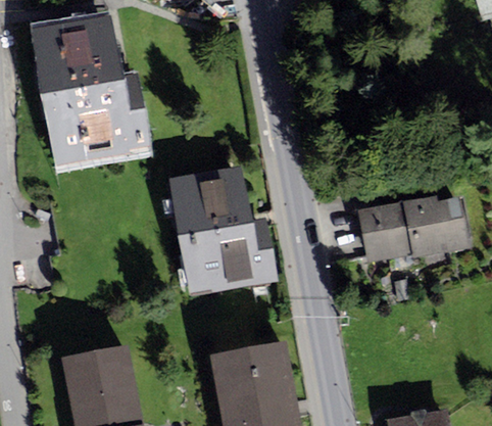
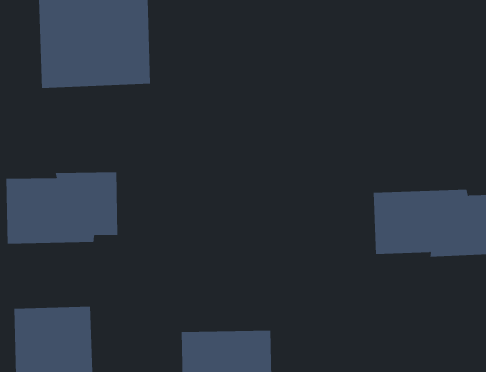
building: [168,164,277,296] -> none
building: none -> [6,172,118,244]

